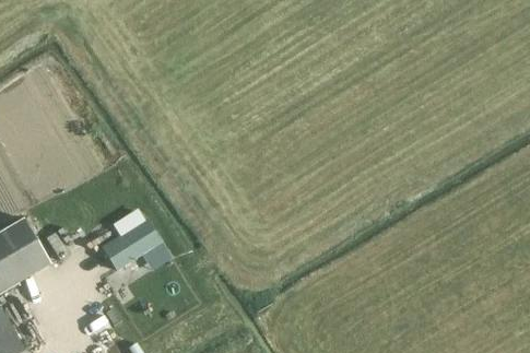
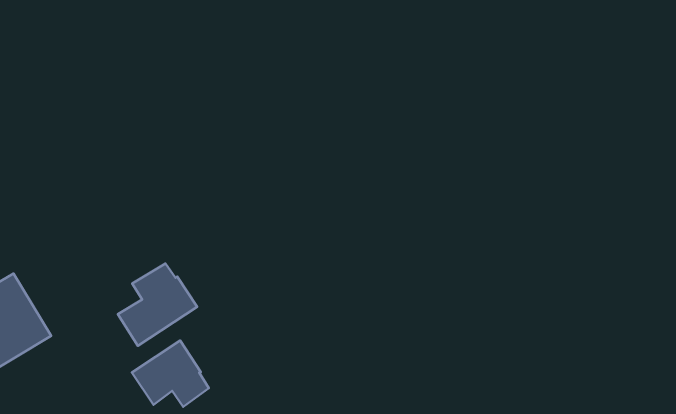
building: none -> [132,341,209,407]

